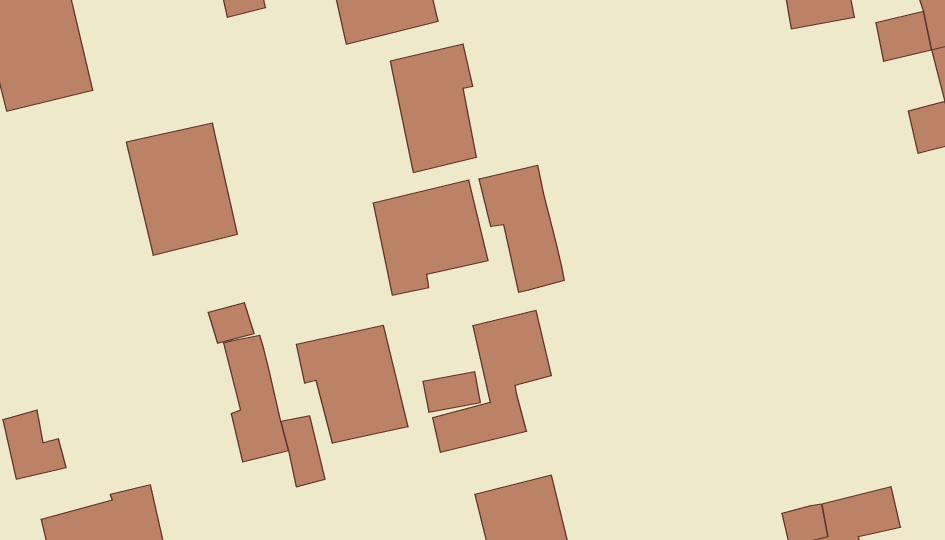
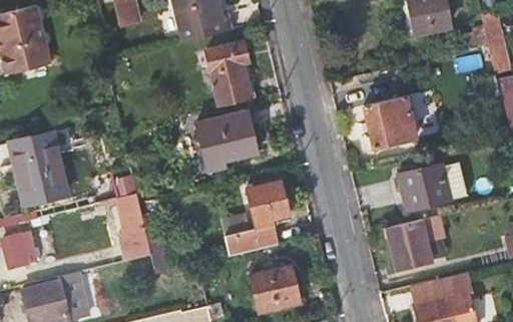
building: [126,123,237,255] -> [9,133,67,203]
building: none -> [363,93,416,149]
building: [479,165,564,292] -> none
building: none -> [398,163,465,210]
building: [296,325,408,443] -> none
building: none -> [386,215,445,269]

